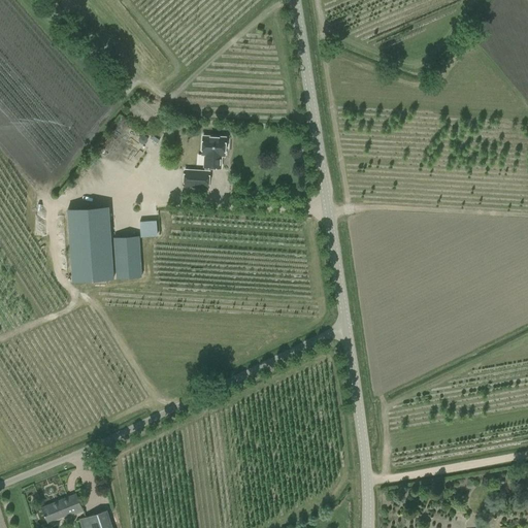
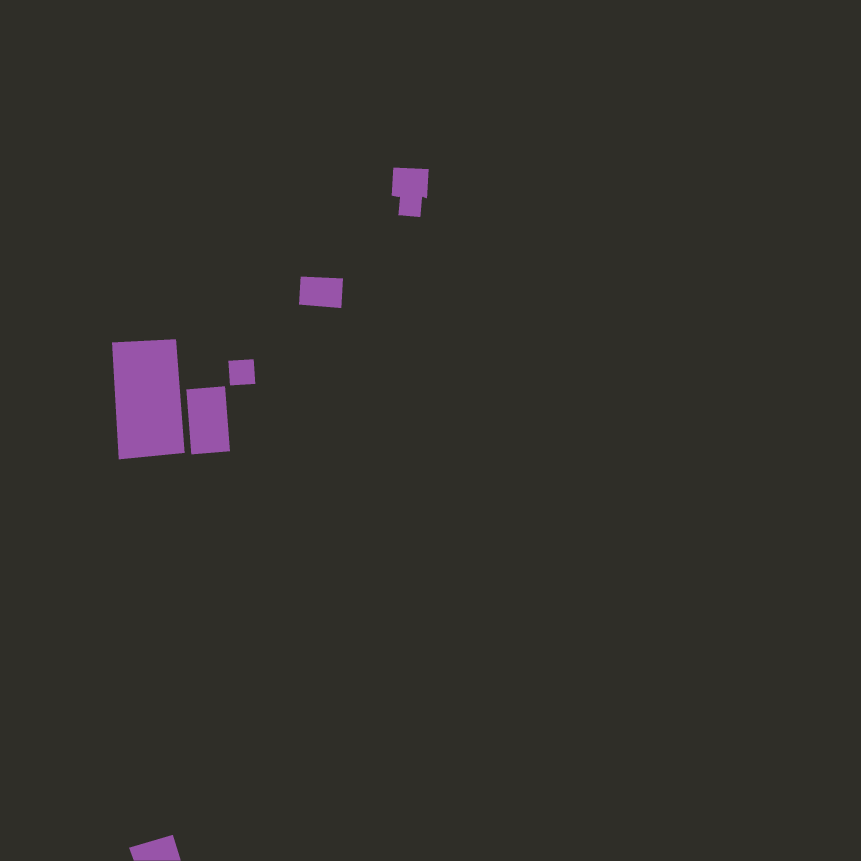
building: [201,136,225,167] -> [391,167,430,218]
building: [41,494,84,523] -> none

